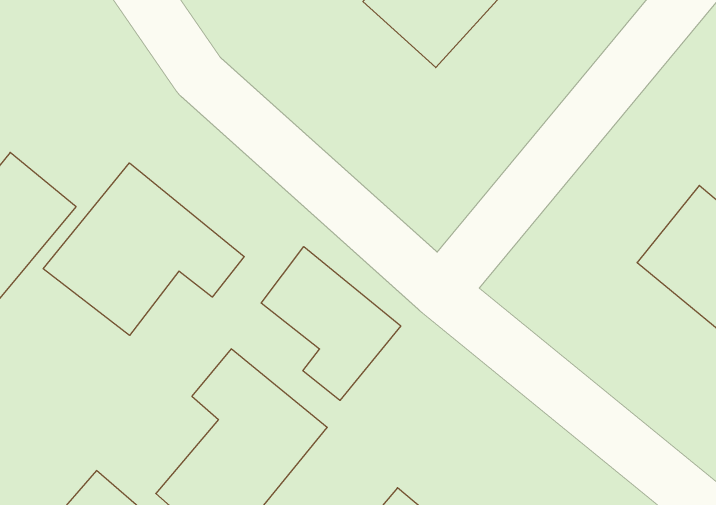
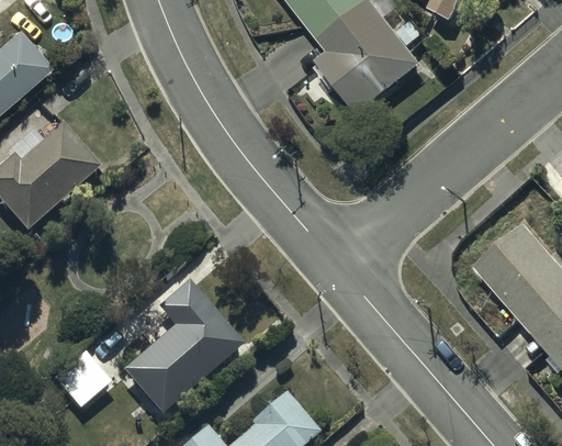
building: [43,163,244,335] -> none
building: [261,247,401,400] -> none

